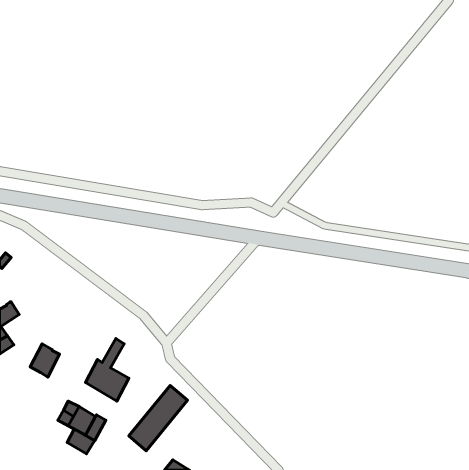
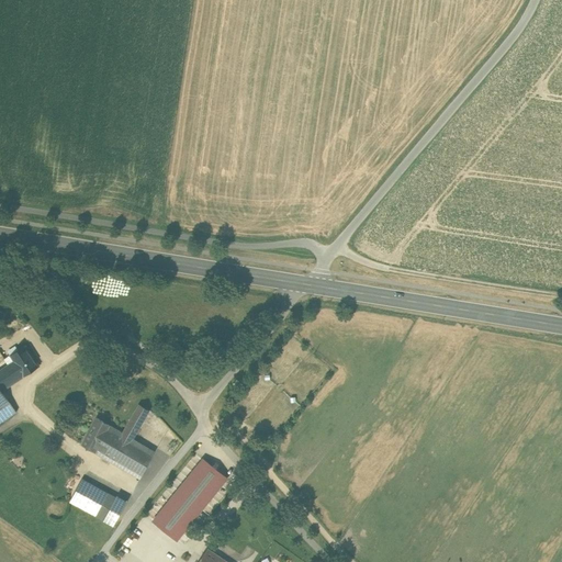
building: none -> [9,345,38,375]
building: [30,344,60,377] -> [81,417,116,457]
building: [67,429,95,454] -> none

